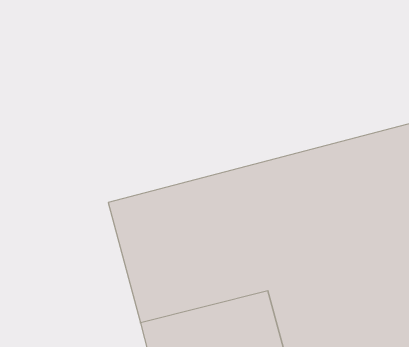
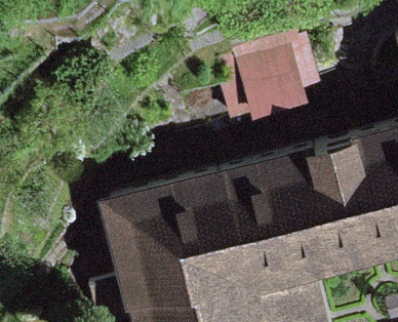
building: none -> [237,47,320,115]

